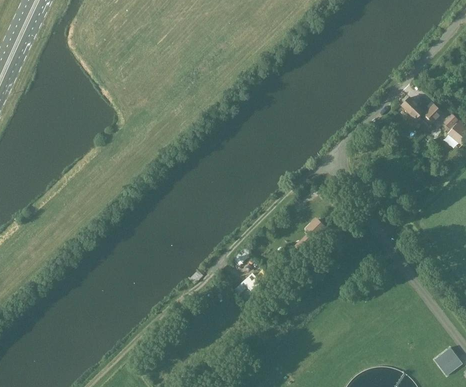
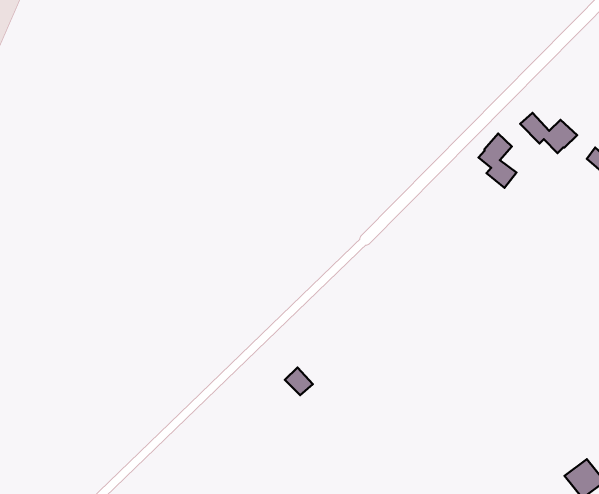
building: none -> [478,134,517,188]

